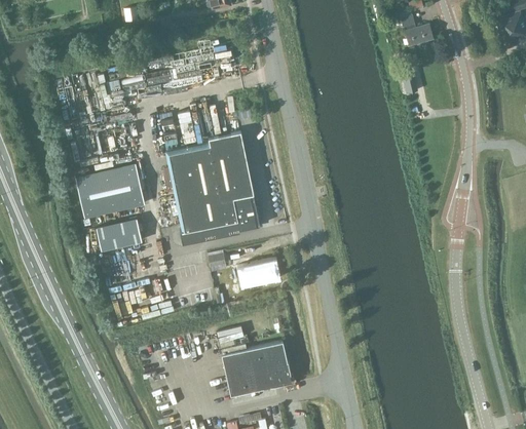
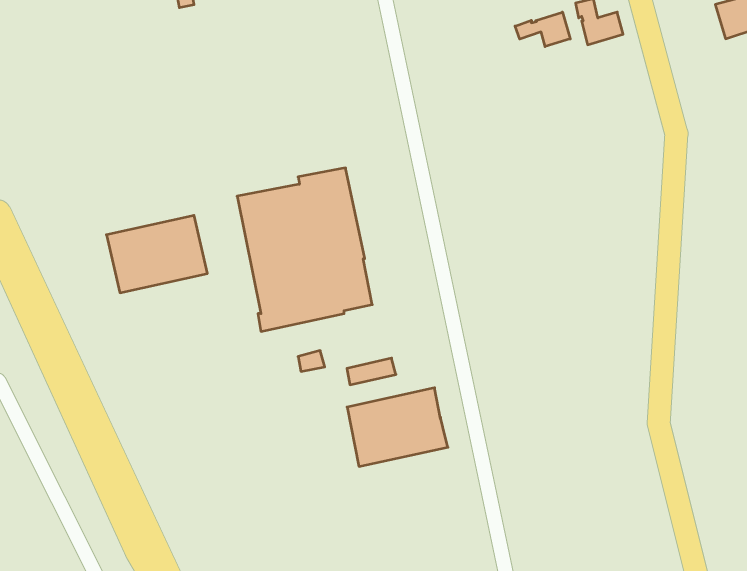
building: none -> [515,12,570,47]
building: [96,219,142,250] -> none
building: [222,341,292,395] -> [347,388,448,466]

